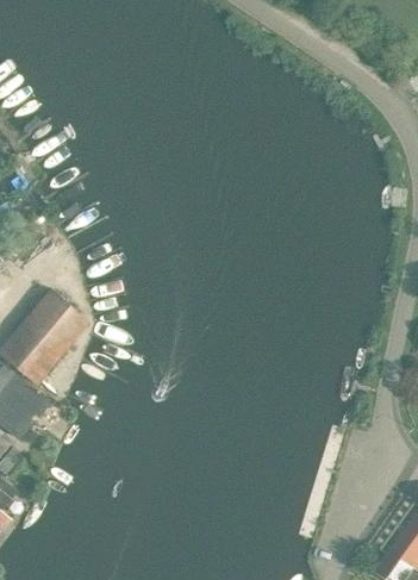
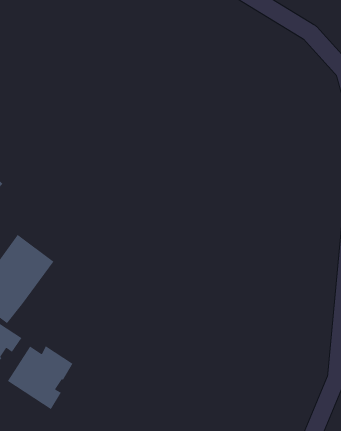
building: none -> [7,345,73,410]

